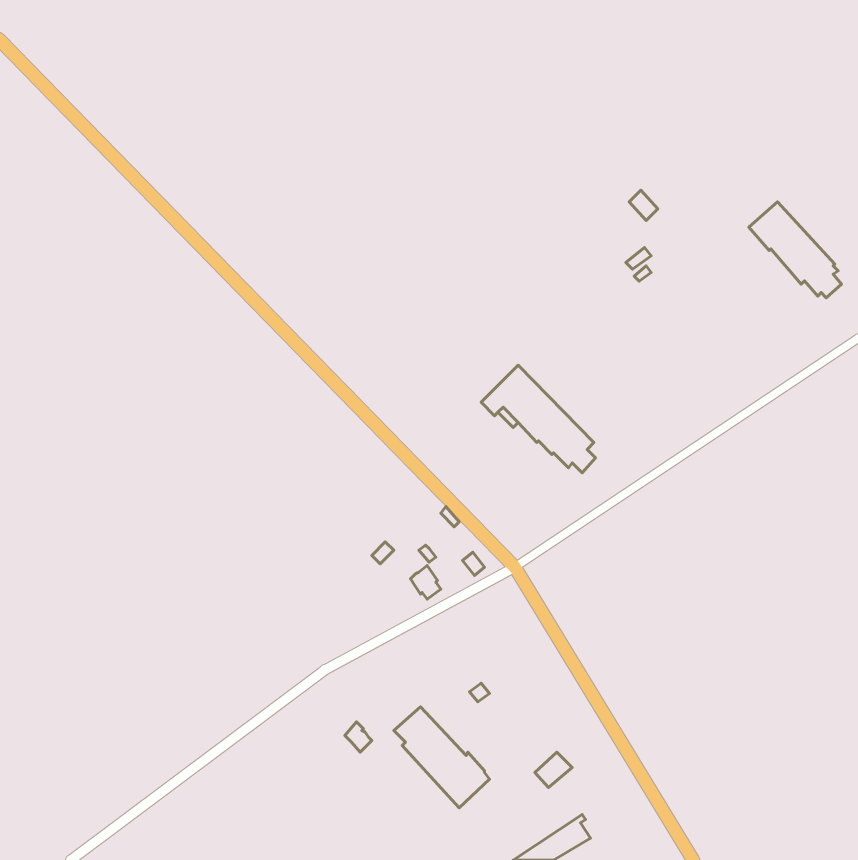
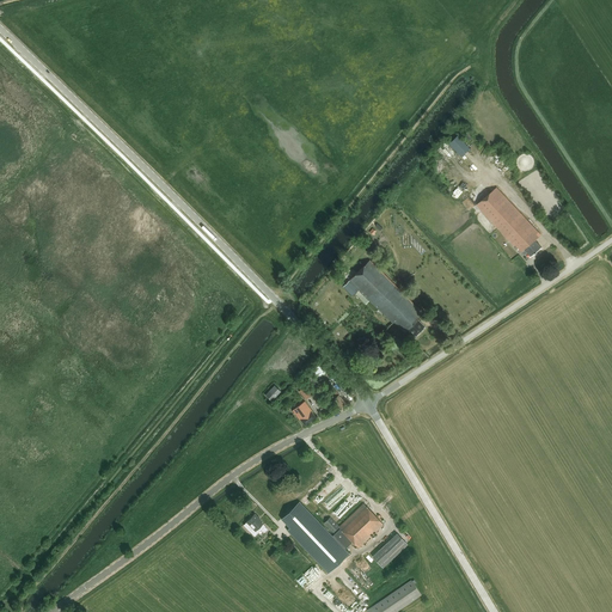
building: [749,202,841,298] -> [476,188,541,256]
building: none -> [323,503,382,549]

